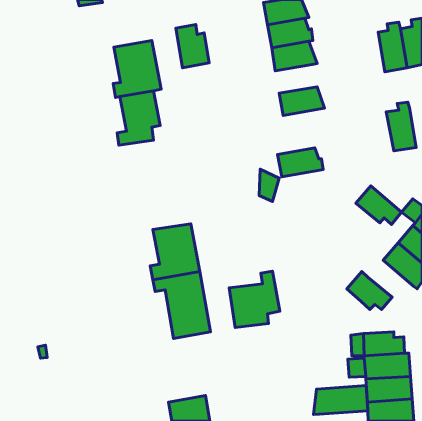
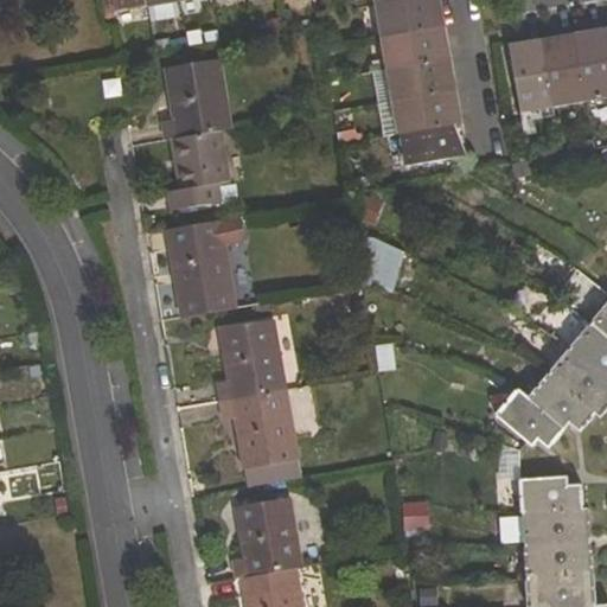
building: [176,25,209,68] -> none
building: [386,102,416,151] -> [510,38,552,108]
building: [278,148,323,177] -> [395,92,460,134]
building: none -> [166,221,237,318]
building: [356,186,401,225] -> [529,373,594,429]
building: [229,271,280,327] -> none
building: none -> [232,496,301,579]
building: [314,385,368,415] -> none

